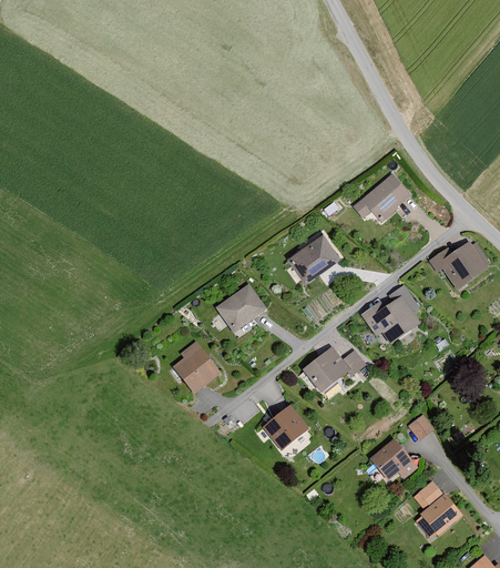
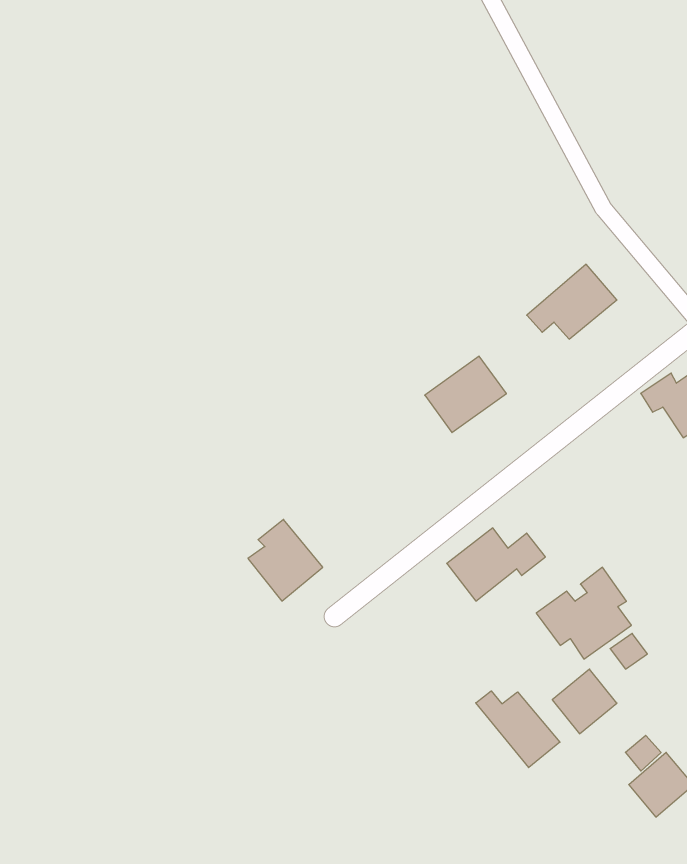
building: [215,283,266,332] -> none
building: [360,285,422,345] -> [536,567,631,659]
building: [262,405,307,449] -> none
building: none -> [476,691,560,768]

